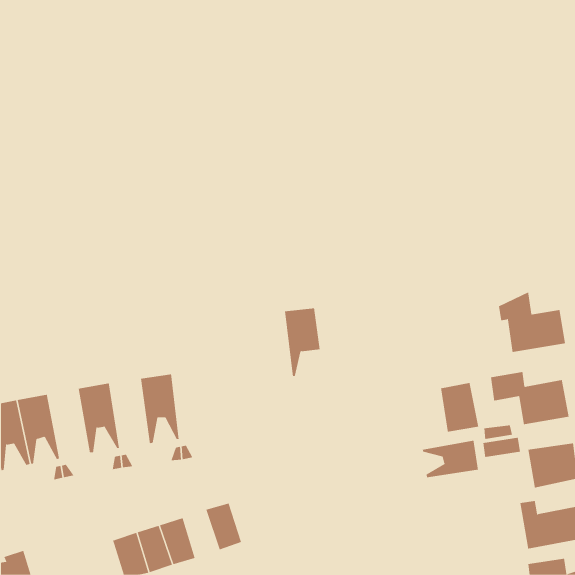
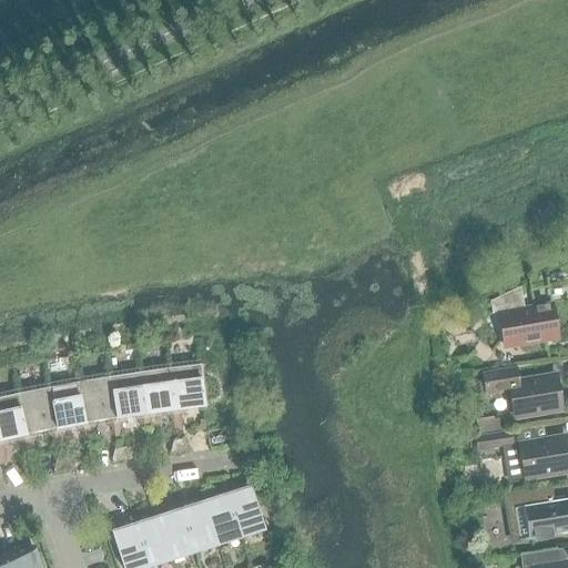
building: [284,308,320,377] -> [171,364,206,432]
building: none -> [110,372,149,440]
building: [440,382,479,433] -> none
building: none -> [49,382,90,450]
building: [422,440,478,478] -> none
building: none -> [227,484,264,532]
building: none -> [182,500,217,548]

